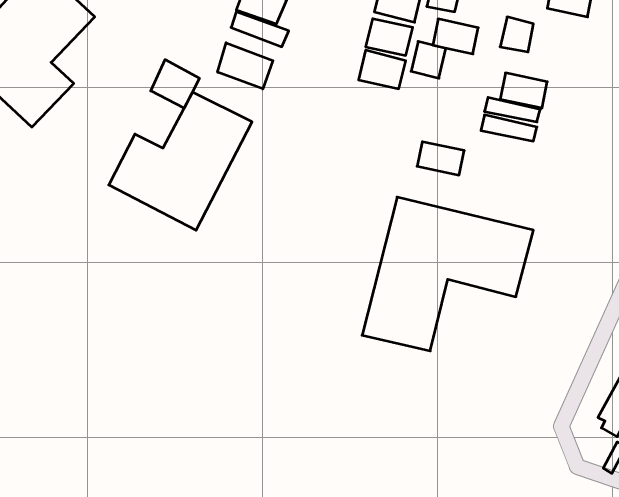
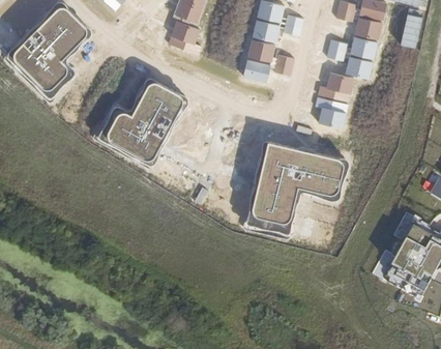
building: none -> [351,35,378,57]
building: [433,19,478,54] -> [346,56,373,77]
building: [218,43,273,89] -> none
building: [151,60,199,108] -> none
building: [417,142,464,175] -> [318,107,346,126]

